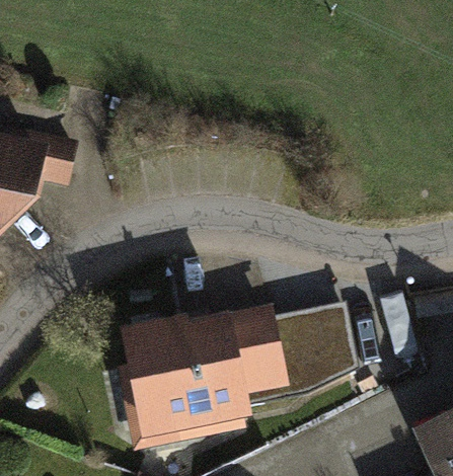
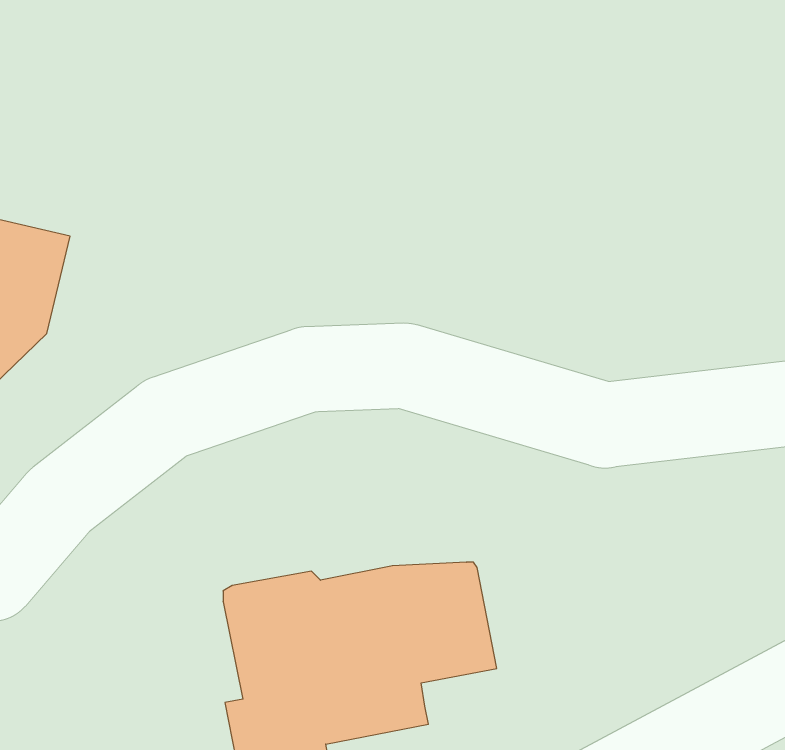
building: [241,304,356,401] -> none

